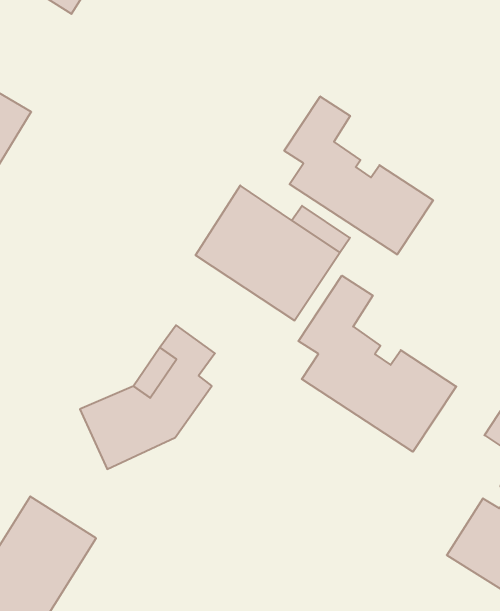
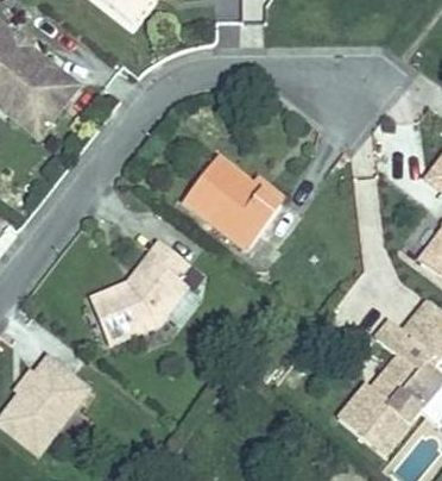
building: [284,96,433,255] -> none
building: [298,276,456,452] -> none

